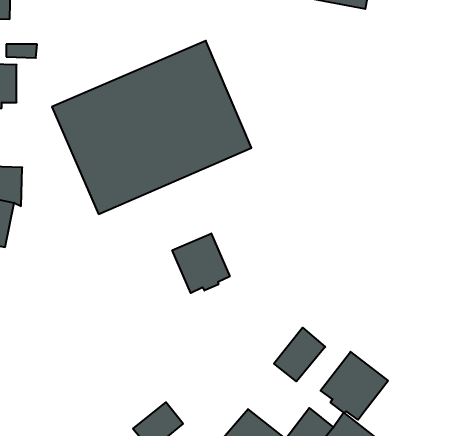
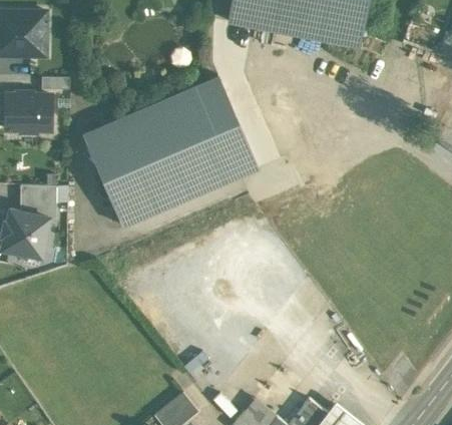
building: [172,233,230,293] -> none
building: [274,328,325,381] -> none
building: [321,352,388,420] -> none

